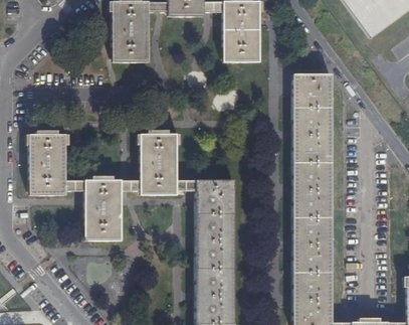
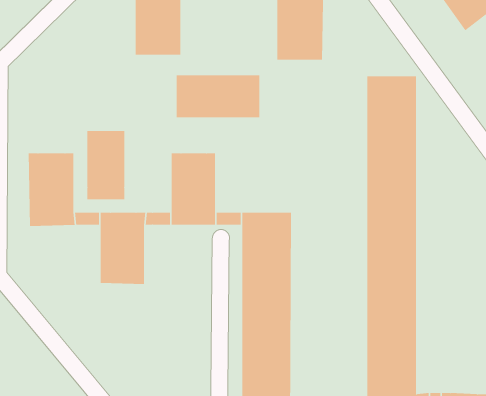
building: none -> [176,74,260,118]
building: none -> [87,130,125,200]

